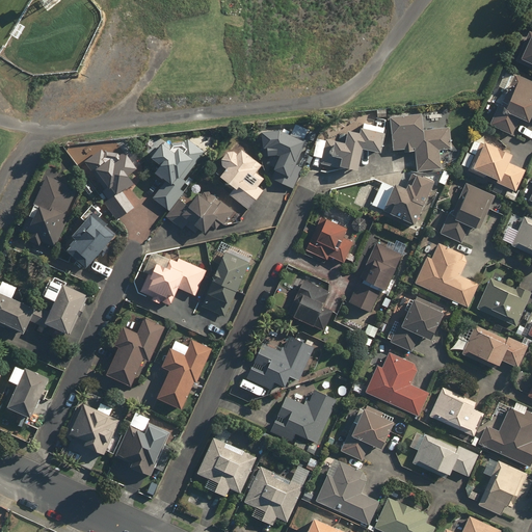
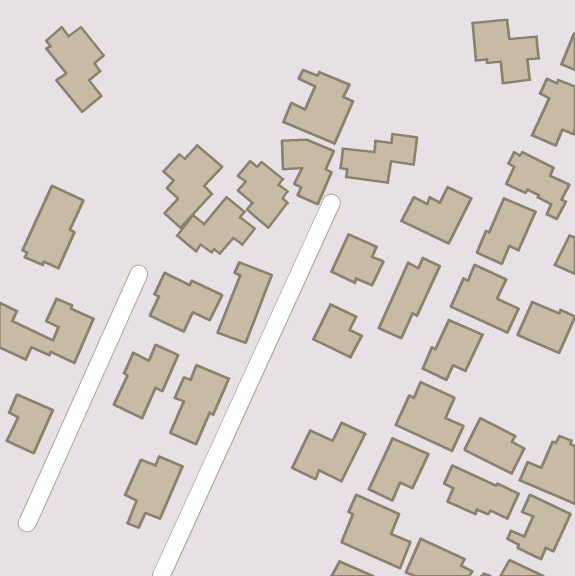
building: none -> [283,70,353,144]
building: [389,112,450,170] -> [472,20,539,83]
building: [83,142,136,220] -> [46,27,104,112]
building: [66,204,114,268] -> none
building: [461,324,526,370] -> none
building: [241,335,313,395] -> none
building: [69,401,119,455] -> none
building: [196,428,256,496] -> none
building: [244,464,310,525] -> none

